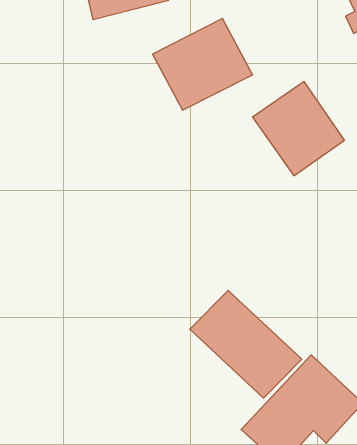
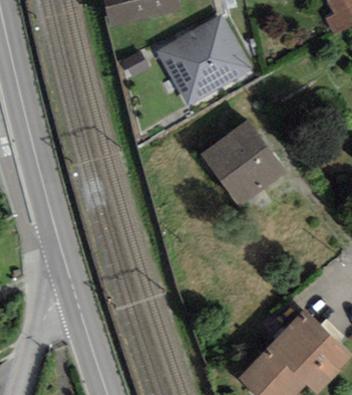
building: [252,82,344,176] -> [201,122,281,204]
building: [190,290,302,398] -> none

